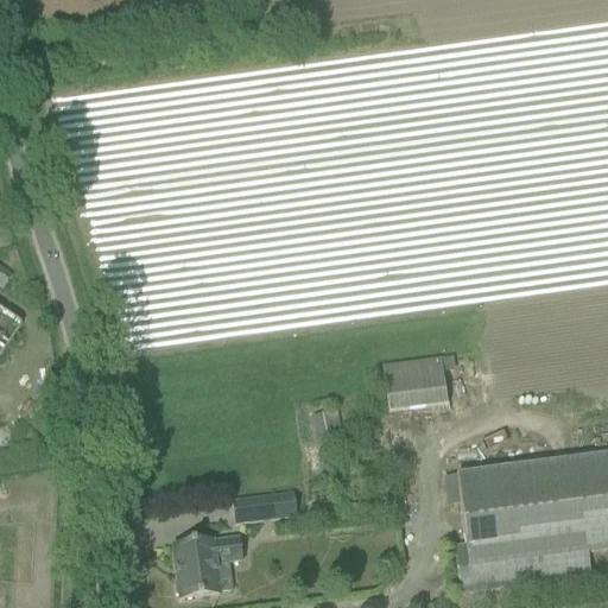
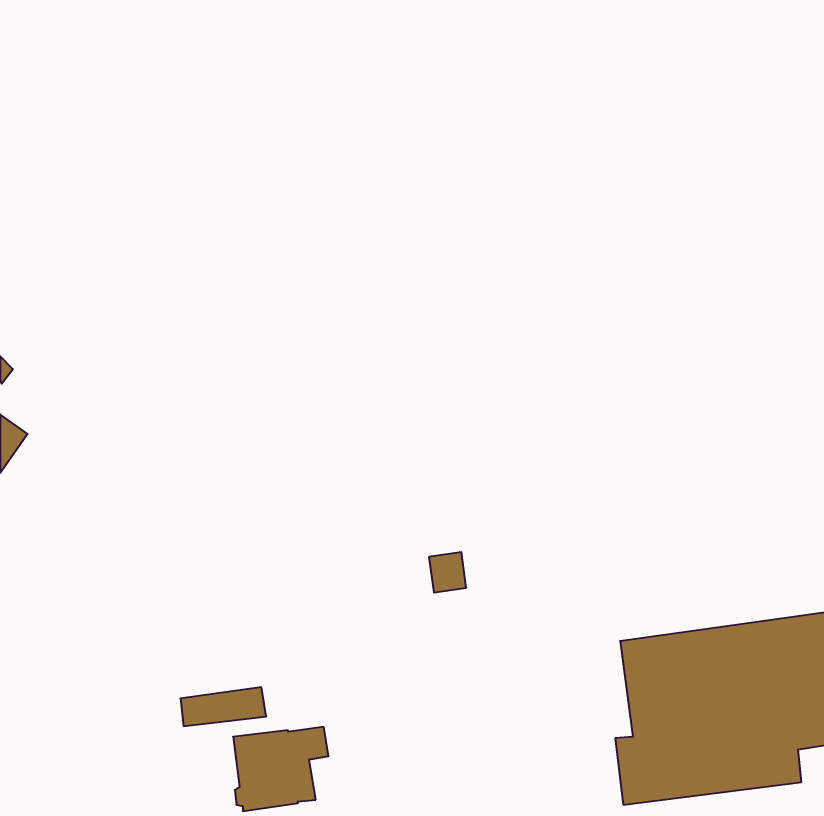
building: [382,353,445,406] -> none
building: [234,490,297,519] -> [180,687,266,726]

